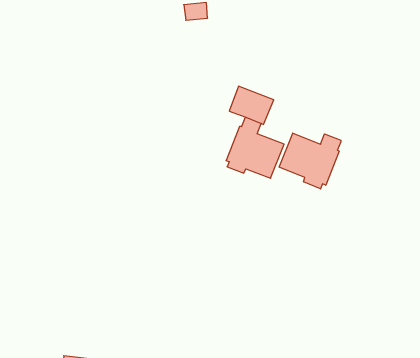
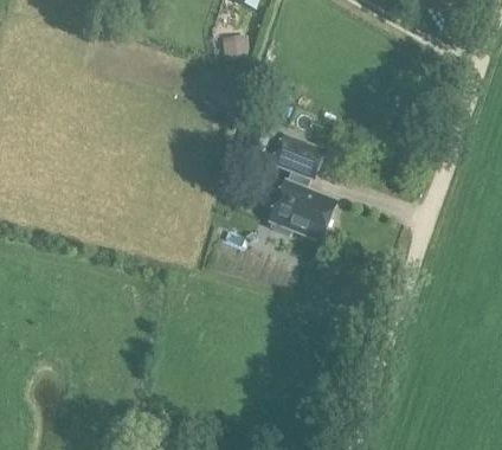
building: [279,133,341,189] -> none

